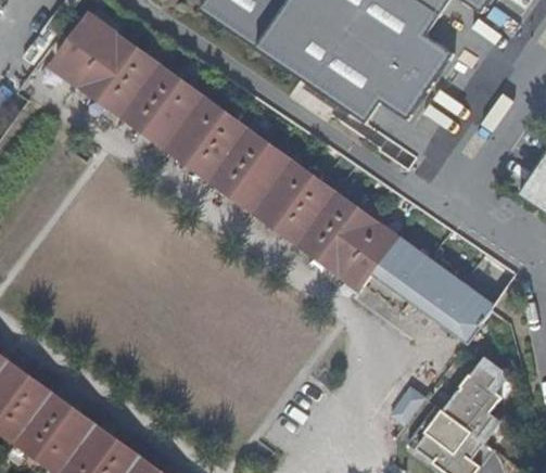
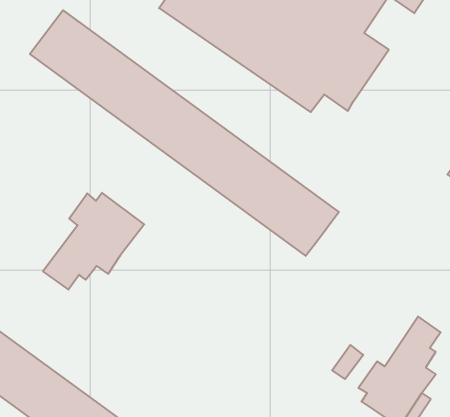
building: none -> [43,193,144,290]
building: [370,238,490,340] -> none

